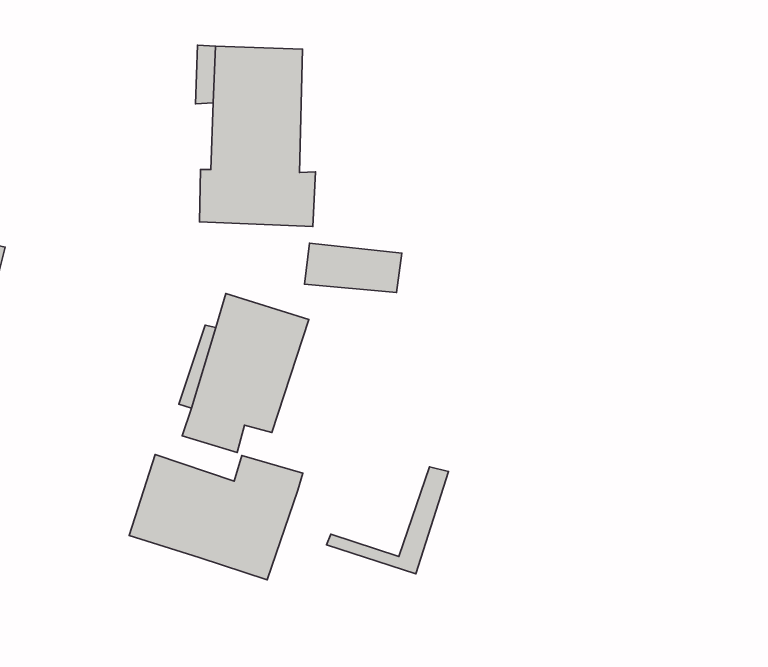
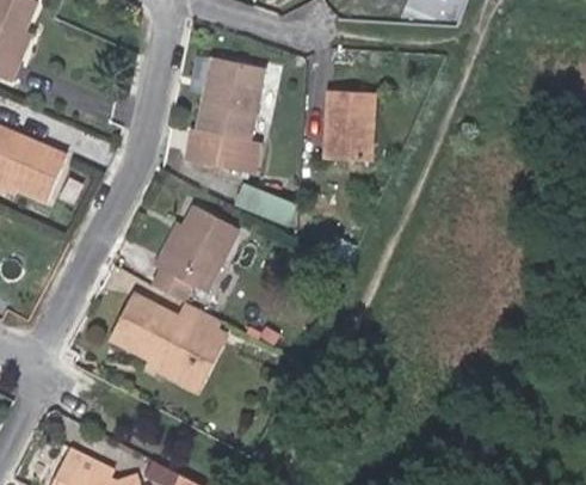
building: none -> [325,91,375,162]
building: [327,467,449,574] -> [147,330,227,392]

